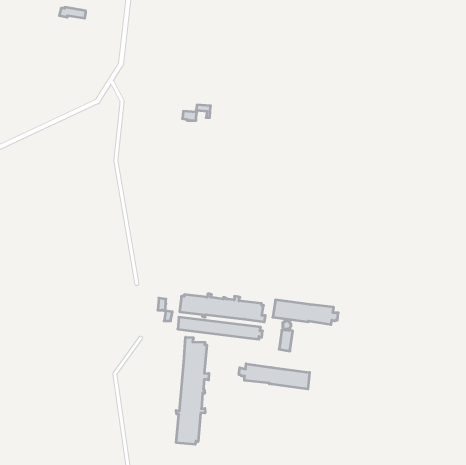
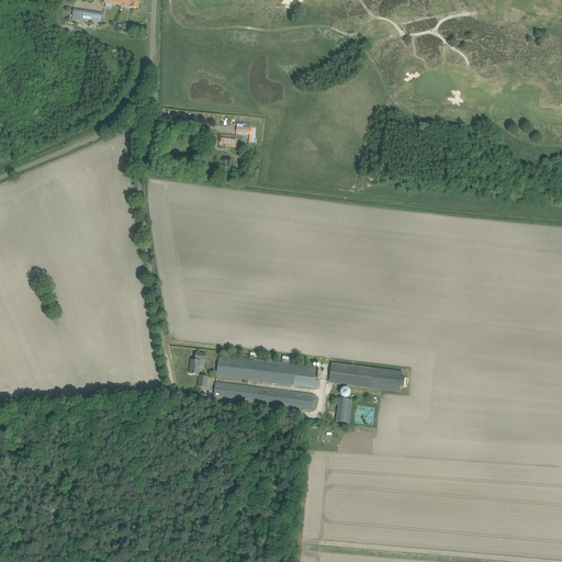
building: [176,337,209,444] -> none
building: [239,364,310,389] -> none

